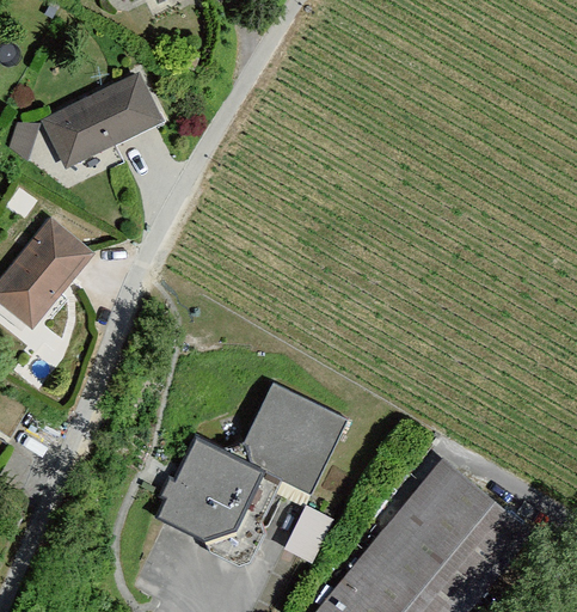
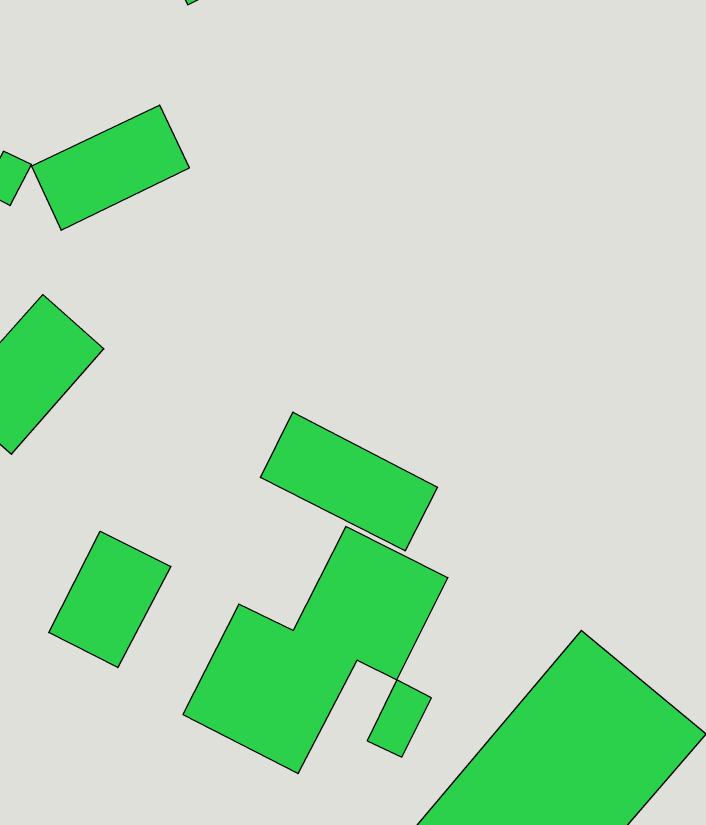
building: none -> [261,412,437,551]
building: none -> [49,531,171,668]

